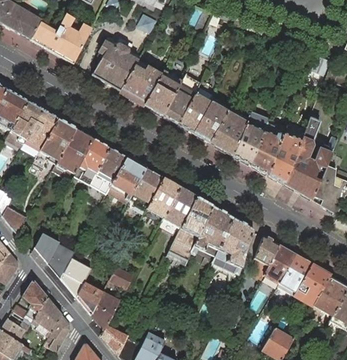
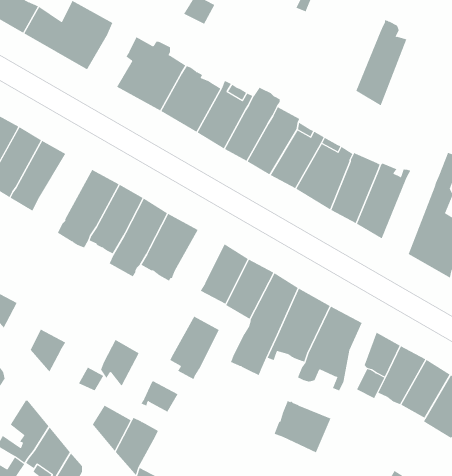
building: [36,118,76,168] -> none
building: [267,127,301,184] -> [355,19,407,106]
building: [130,168,163,210] -> [169,316,220,380]
building: [46,247,72,278] -> [100,339,140,386]
building: none -> [274,400,331,453]

